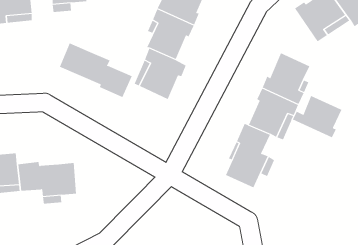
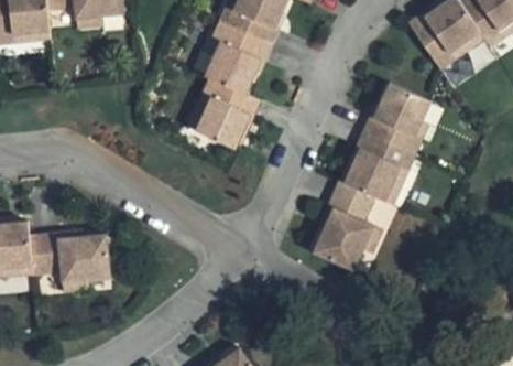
building: [59,42,133,98] -> none
building: [292,95,342,138] -> none

